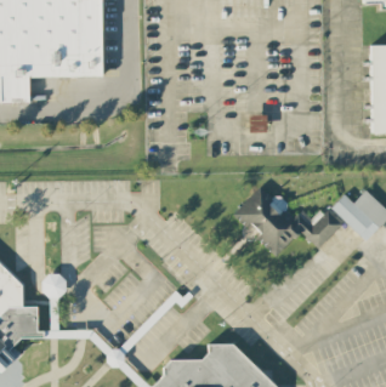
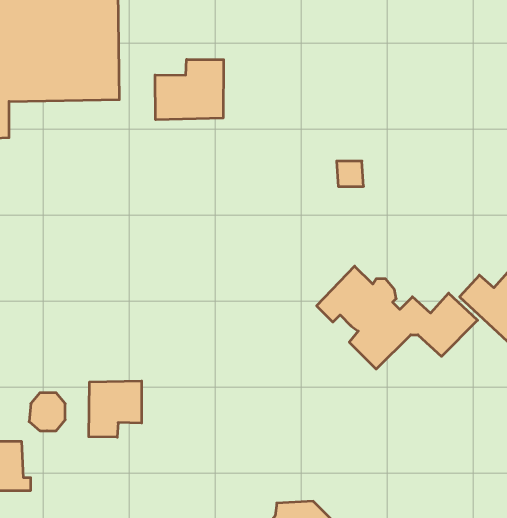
building: none -> [155,59,224,120]
building: none -> [89,381,142,437]

